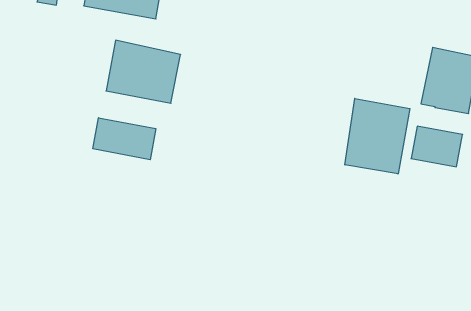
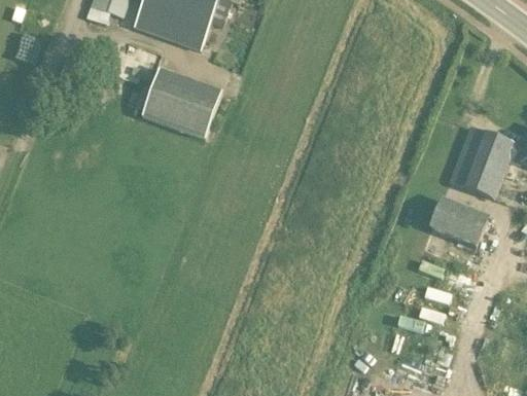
building: [345,98,410,174] -> none
building: [93,118,156,160] -> none

